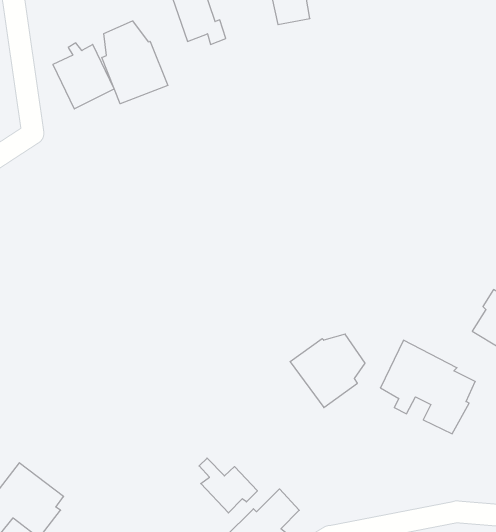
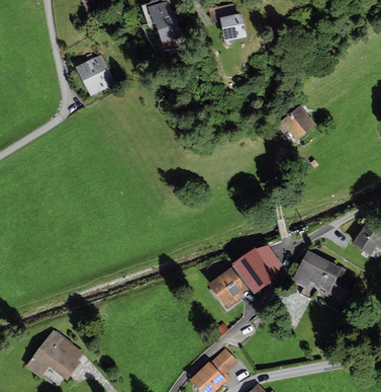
building: [102,21,168,104] -> none
building: none -> [279,105,314,141]
building: none -> [207,266,247,309]
building: [199,458,257,513] -> none

